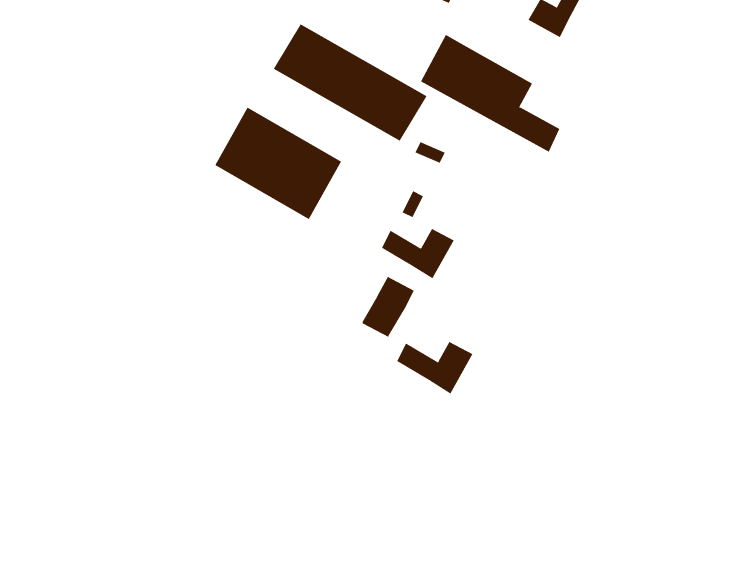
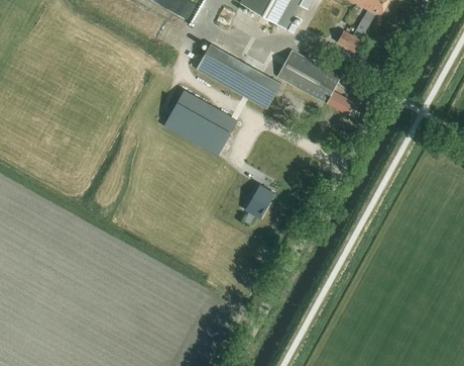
building: [381,228,454,279] -> none
building: [396,341,473,394] -> none

